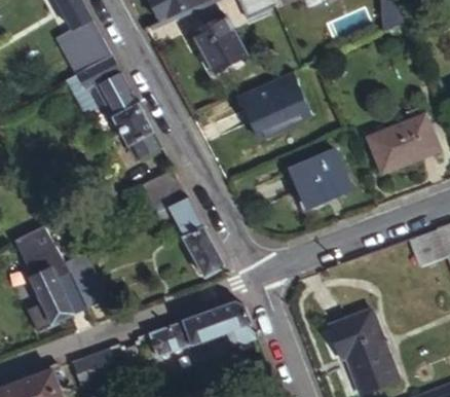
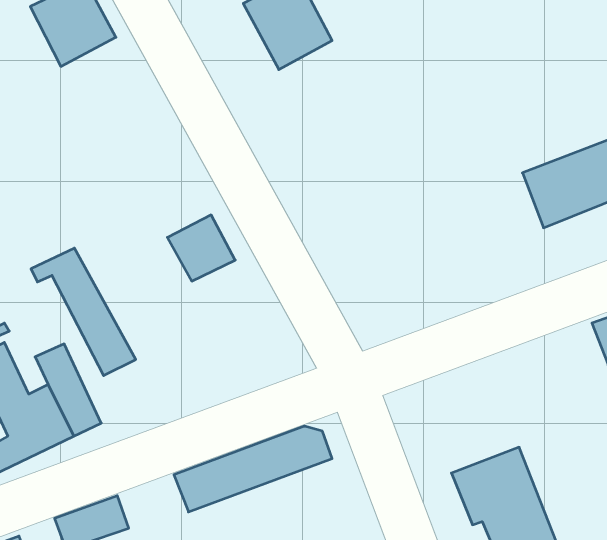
building: [70,53,160,161] -> none
building: [240,83,309,137] -> none
building: [290,153,349,208] -> none
building: [158,195,225,277] -> [31,248,136,376]

